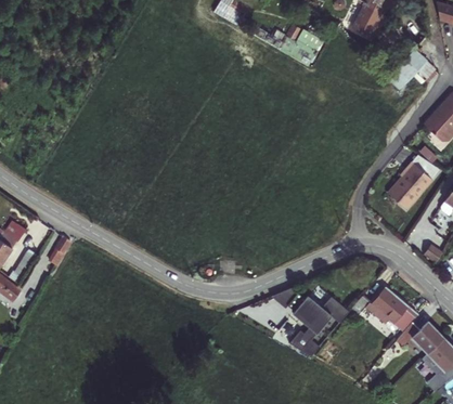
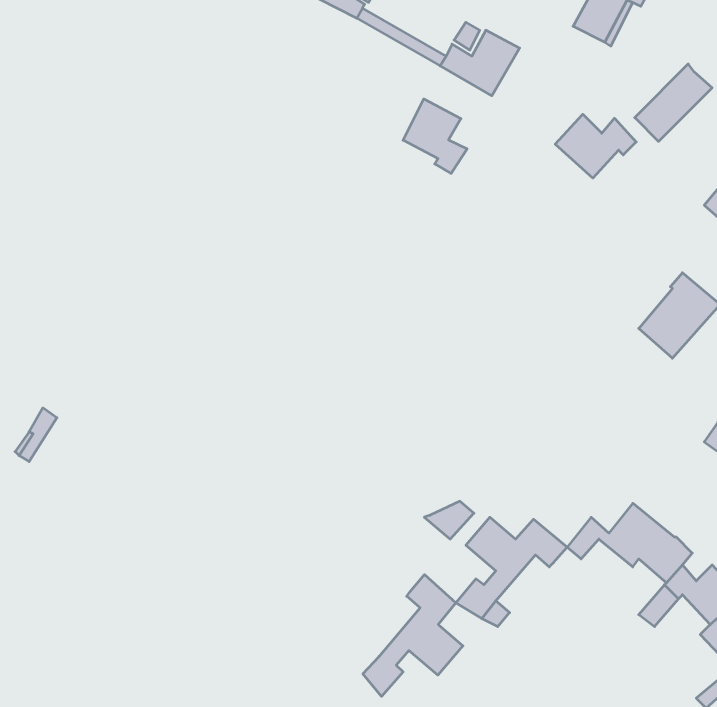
building: none -> [403,99,467,173]
building: none -> [555,114,636,178]
building: none -> [363,575,463,696]

